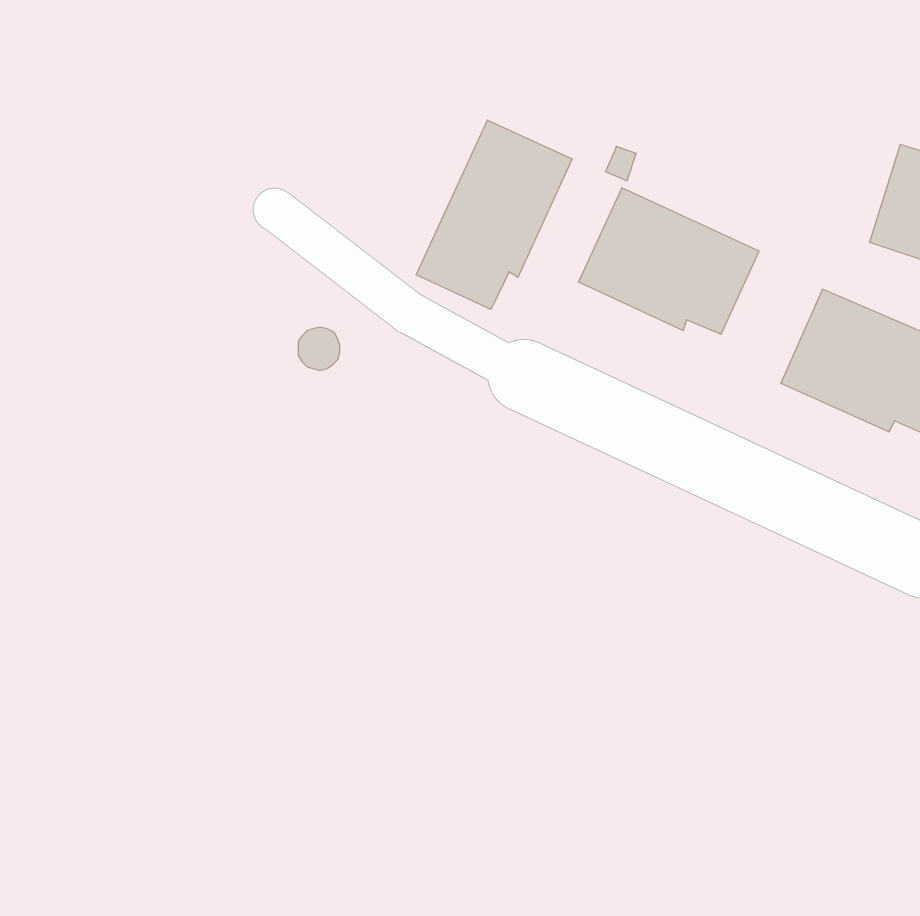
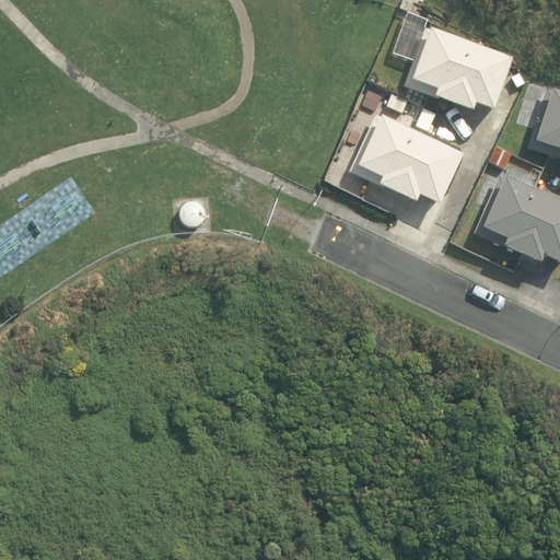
building: none -> [407,27,512,109]
building: [416,120,572,309] -> none

